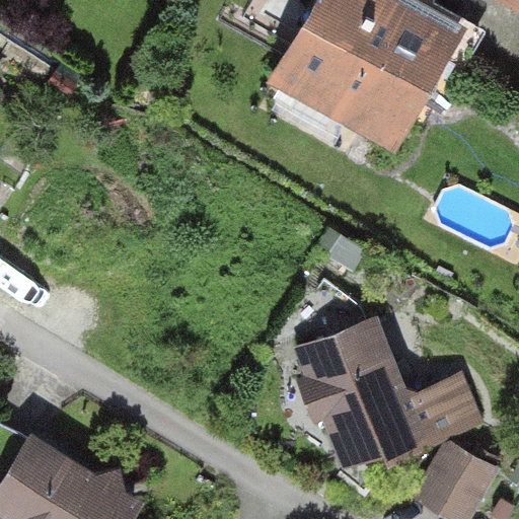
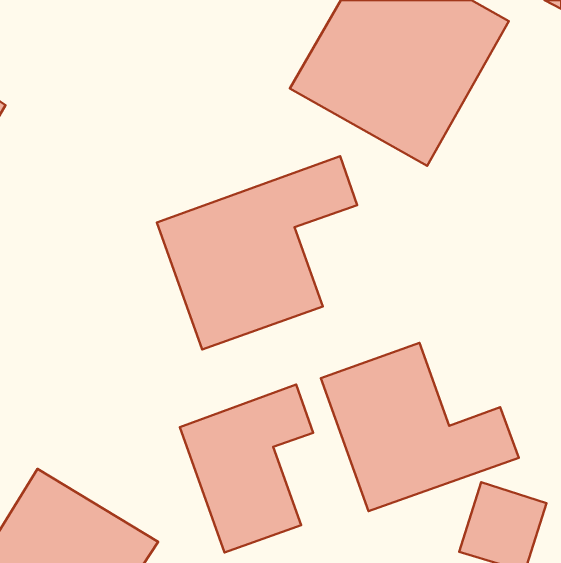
building: none -> [157,156,357,350]
building: none -> [180,385,313,552]

